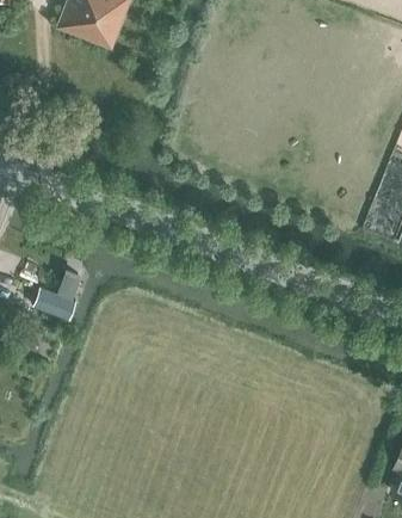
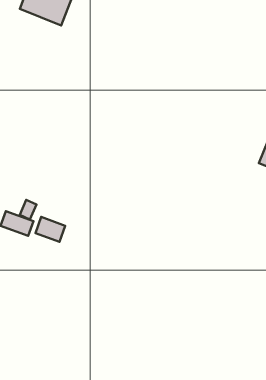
building: none -> [35,217,65,242]

